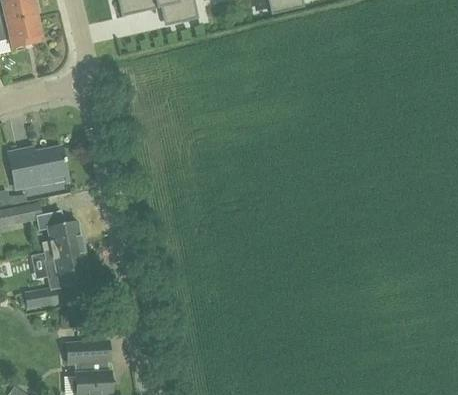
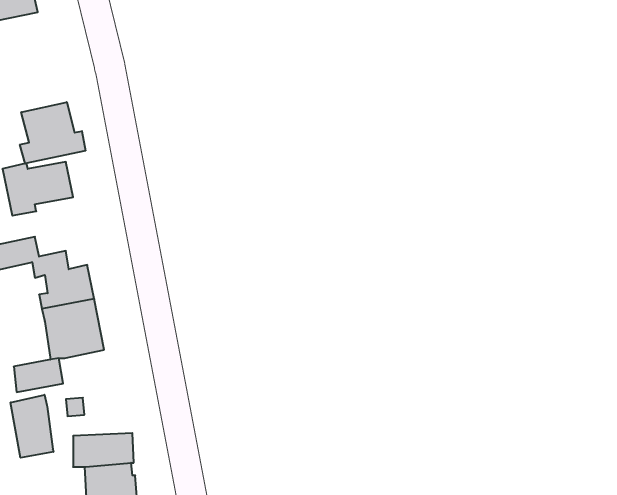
building: none -> [20,102,85,164]
building: none -> [11,395,53,458]

